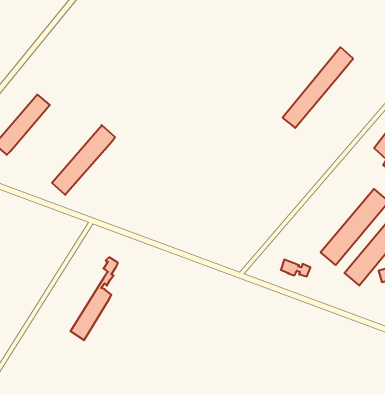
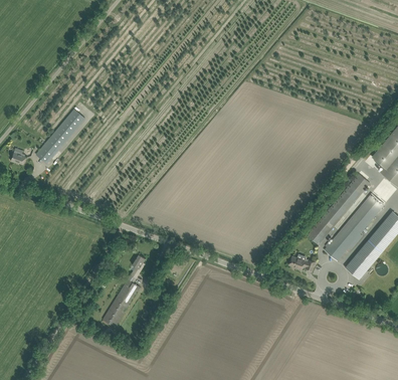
building: [283,47,353,128] -> [308,172,370,243]
building: [52,125,115,195] -> none

